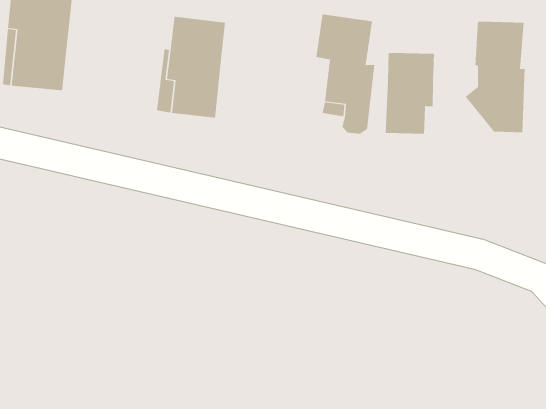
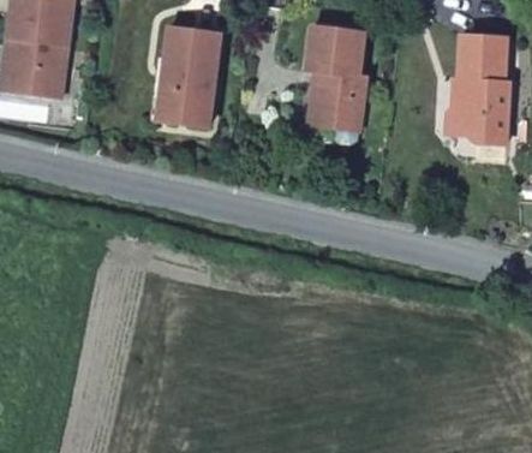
building: [385,52,434,135] -> none

